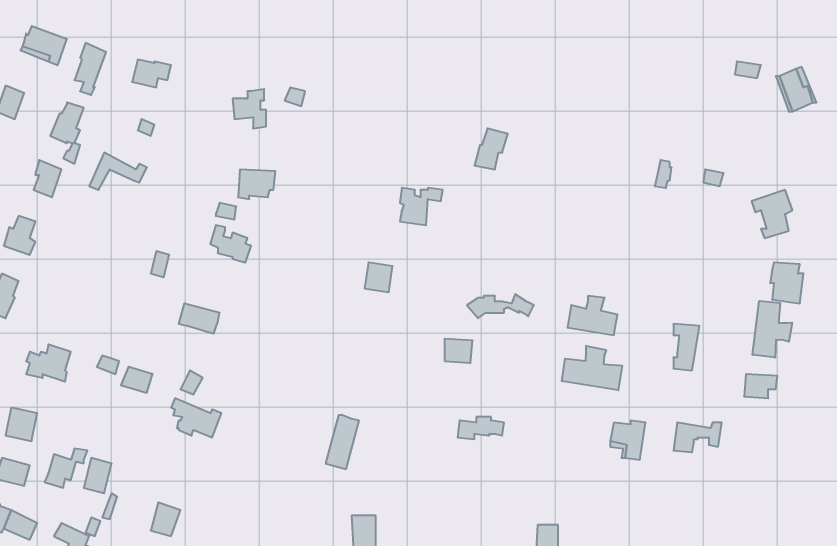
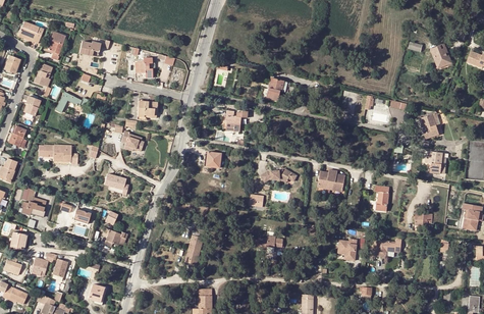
building: none -> [39,145,77,165]
building: [753,301,792,358] -> none
building: [562,346,622,390] -> none

